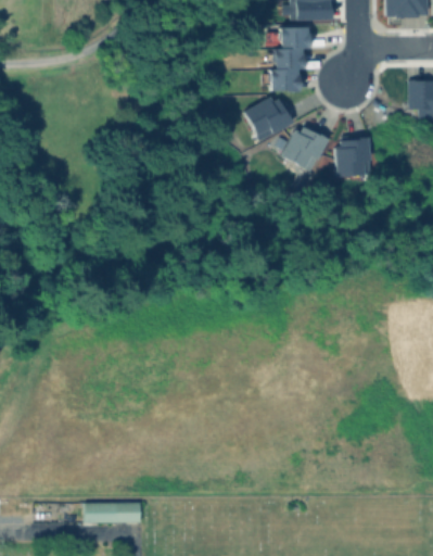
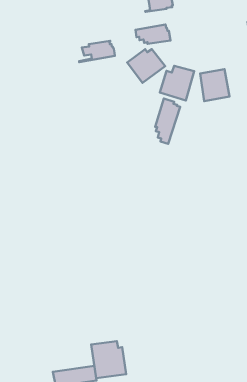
building: [260,48,308,70] -> [79,41,115,62]
building: none -> [155,99,180,144]
building: none -> [91,341,126,378]

